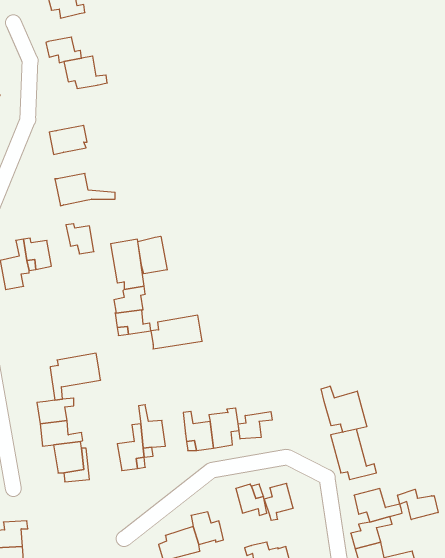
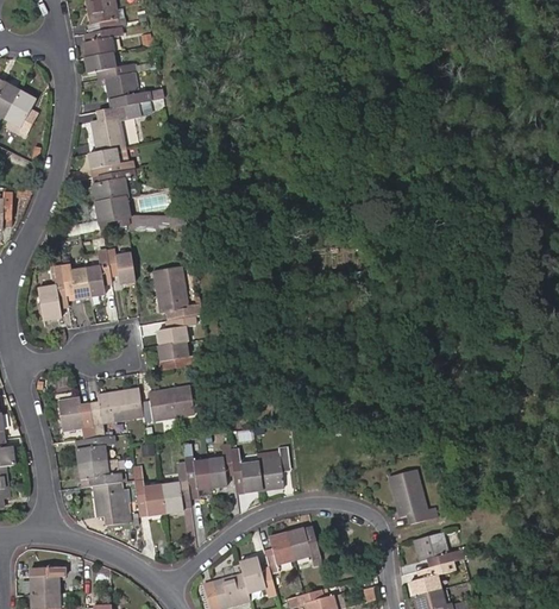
building: none -> [83,26,121,56]
building: none -> [90,102,142,151]
building: none -> [94,169,138,202]
building: none -> [86,251,111,295]
building: [138,236,167,274] -> none
building: [151,315,202,349] -> [140,385,195,421]
building: none -> [57,397,94,439]
building: [321,386,367,432] -> none
building: none -> [208,442,233,486]
building: [238,412,272,439] -> none
building: none -> [133,470,165,515]
building: [264,483,293,520] -> [263,532,294,571]
building: [398,489,438,520] -> none

